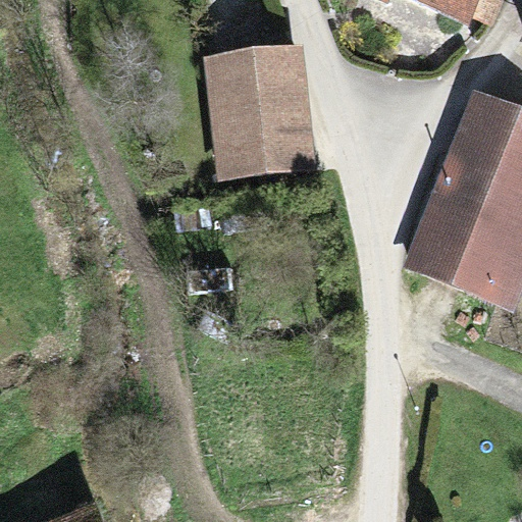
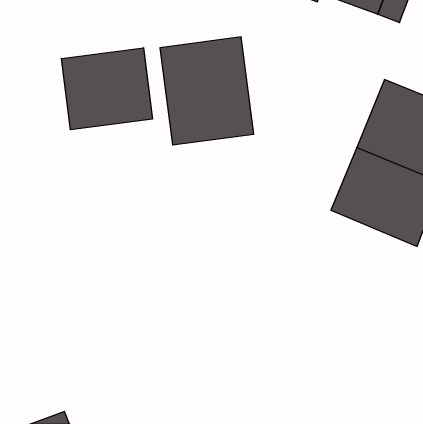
building: none -> [61,48,152,130]

